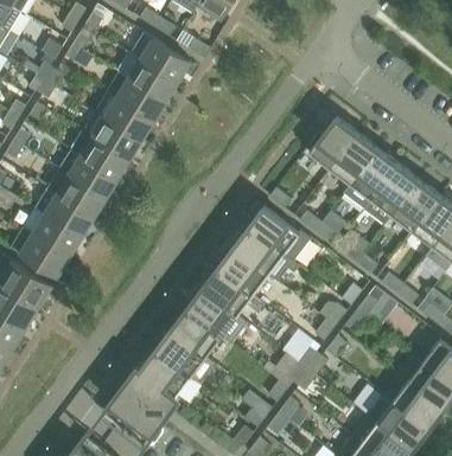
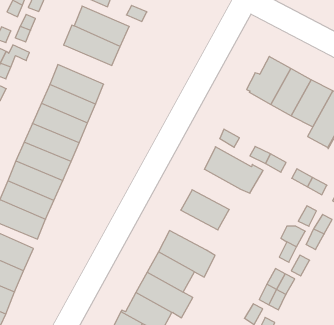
building: [108,71,166,118] -> none
building: [233,226,285,274] -> none
building: [202,266,254,314] -> none

